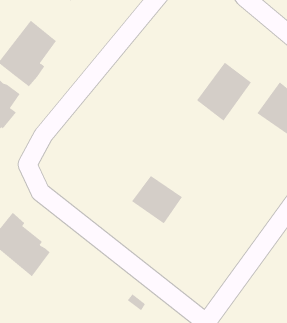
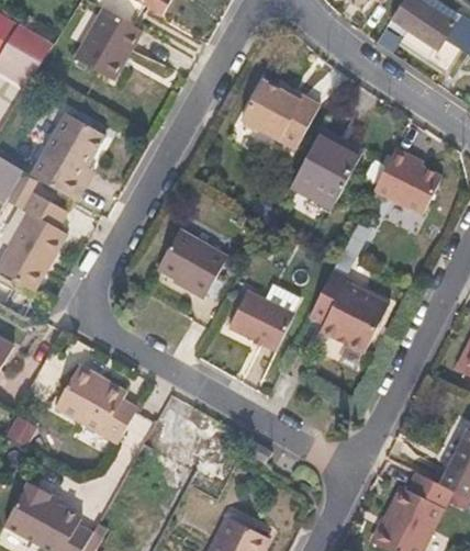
building: none -> [242,80,318,147]
building: none -> [156,228,228,295]
building: none -> [310,266,388,348]

